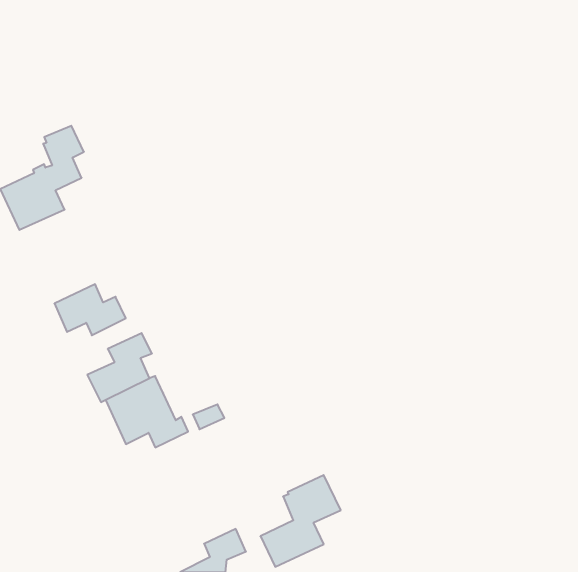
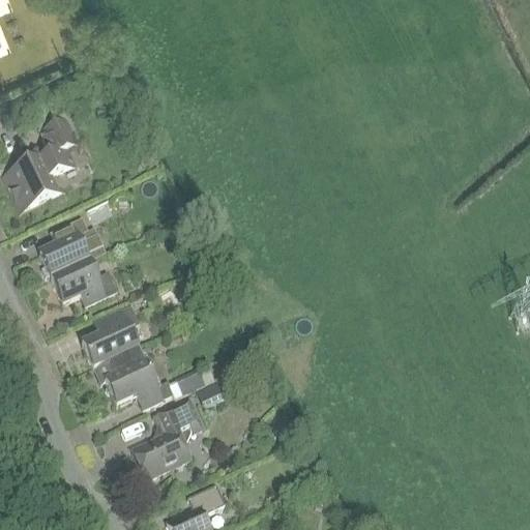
building: none -> [39,216,106,277]
building: [260,475,341,567] -> [131,394,205,478]

